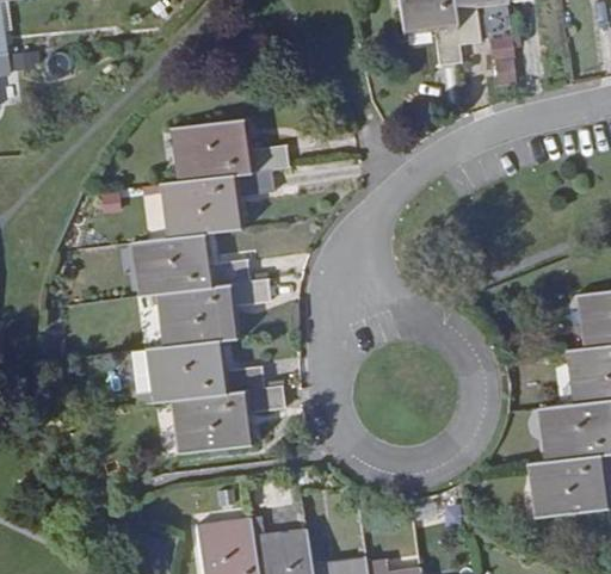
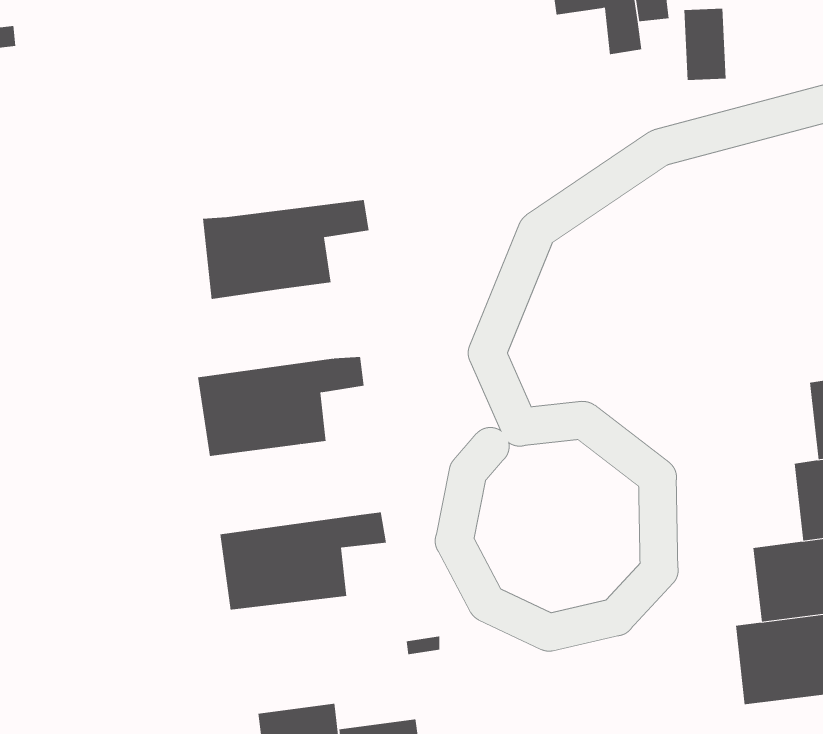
building: [169,116,290,180] -> none
building: [130,230,249,294] -> none
building: [146,338,265,403] -> none

